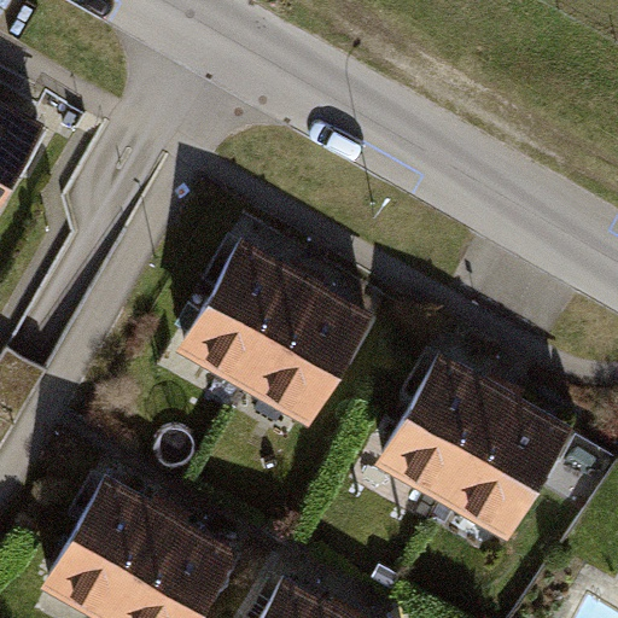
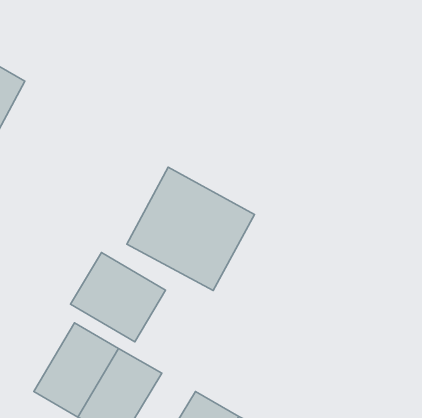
building: [375,354,561,532] -> none
building: none -> [71,252,166,342]

